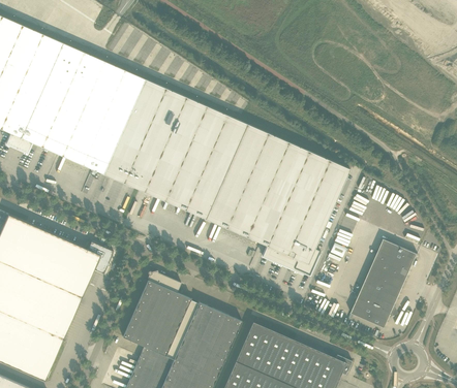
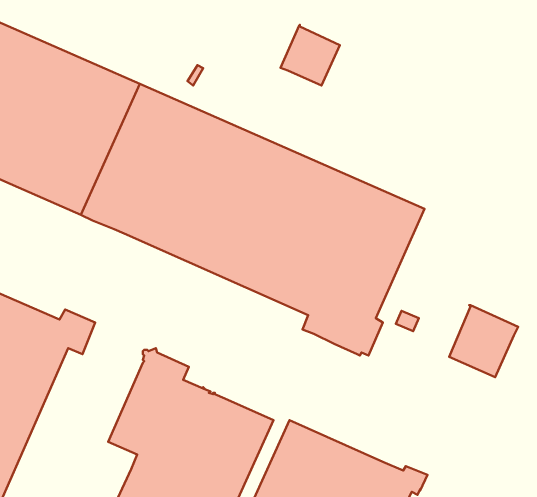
building: none -> [281,25,340,86]
building: [349,276,400,327] -> none

